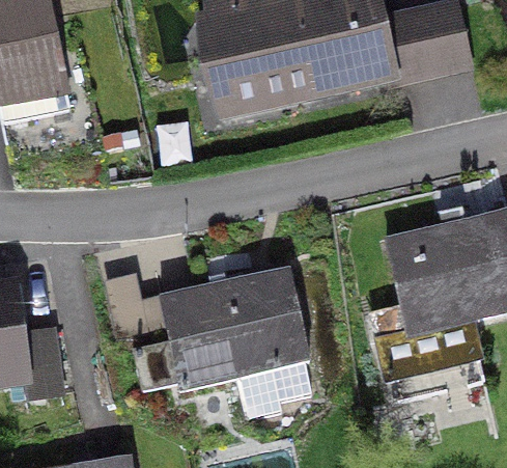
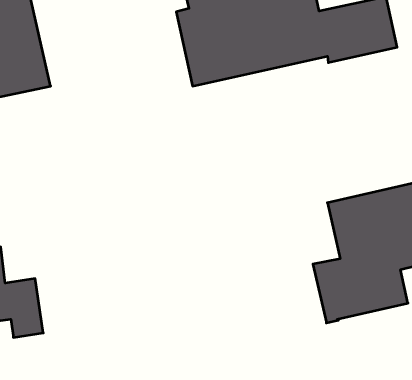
building: [132,270,311,416] -> none

